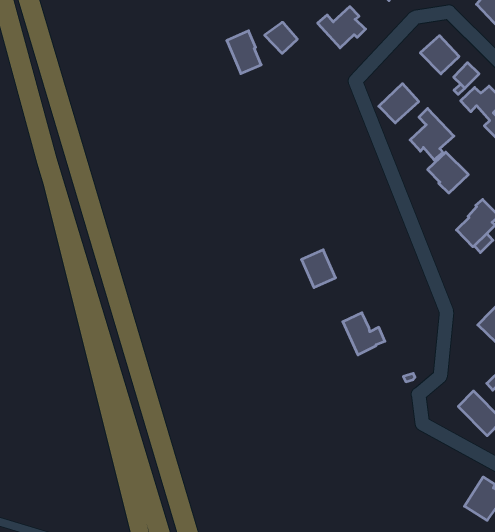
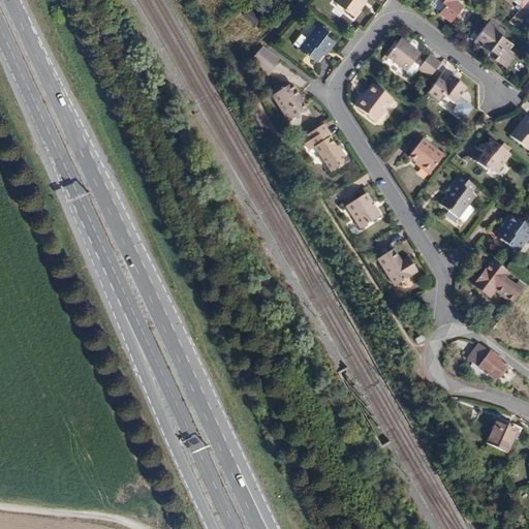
building: [227,31,261,74] -> [274,83,307,121]
building: [410,108,454,160] -> none
building: none -> [306,132,347,174]
building: [301,250,336,288] -> [348,193,380,227]
building: [343,313,385,355] -> [378,249,417,286]

